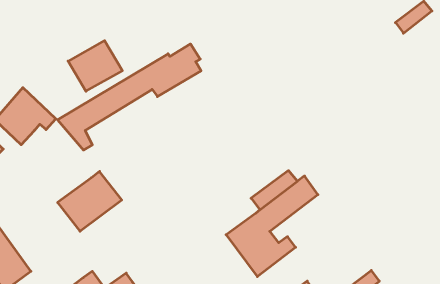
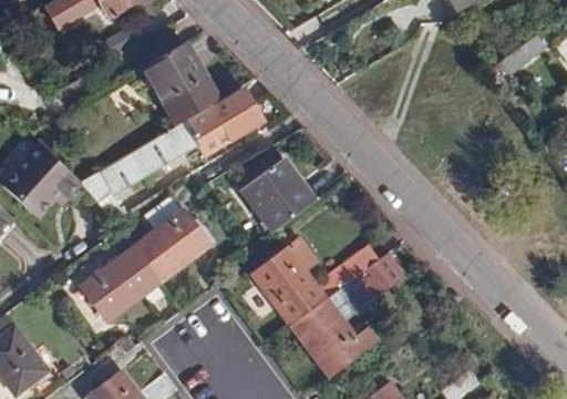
building: [68,41,122,91] -> [142,42,209,105]
building: none -> [241,158,316,232]
building: none -> [133,195,209,282]
building: none -> [251,237,327,325]

